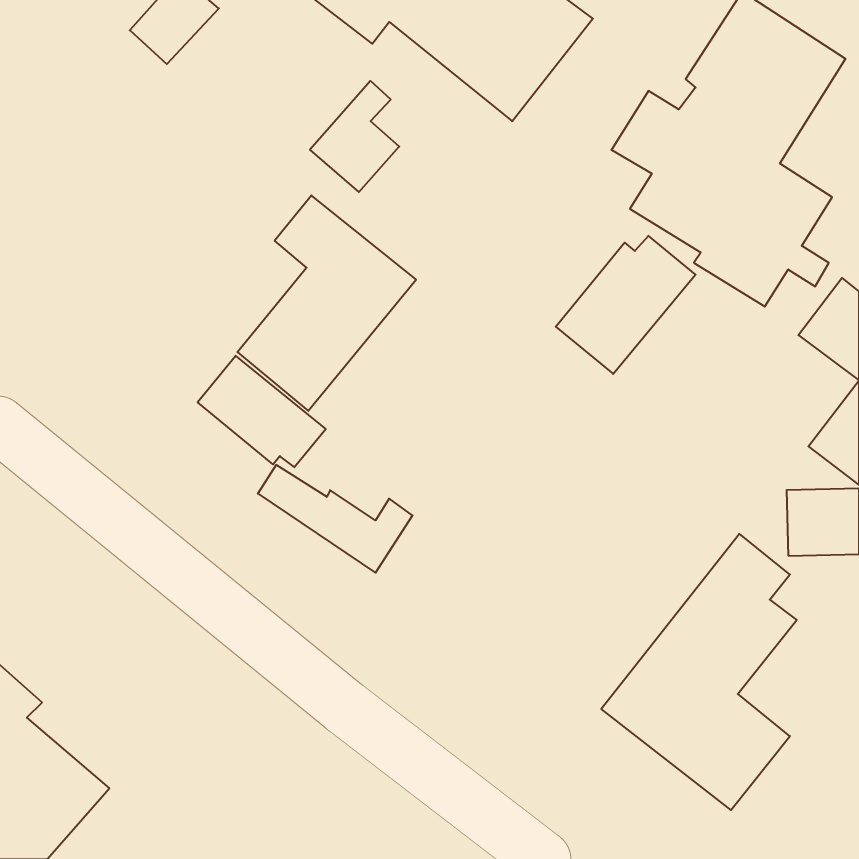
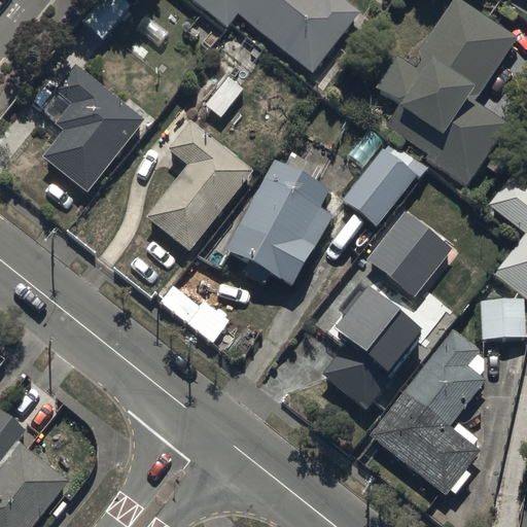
building: none -> [42,64,145,192]
building: none -> [225,161,335,285]
building: none -> [365,209,454,298]
building: [198,356,326,467] -> none
building: none -> [322,287,425,408]

